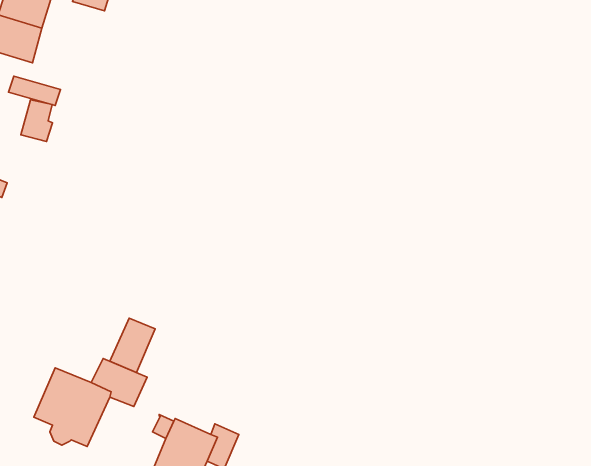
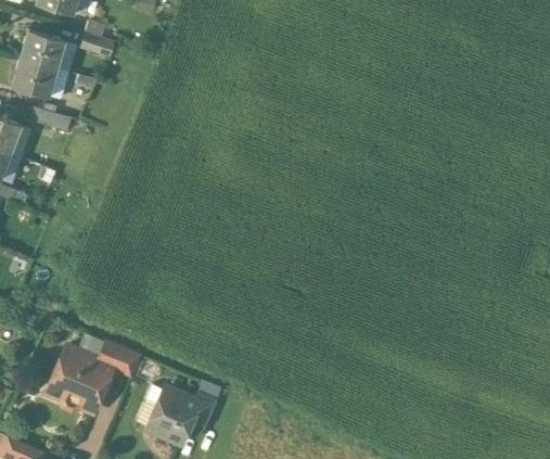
building: [21,100,52,141] -> none
building: [110,318,155,373] -> none

